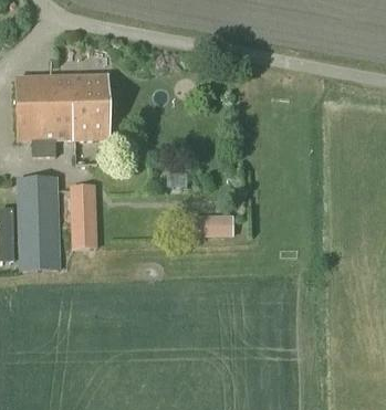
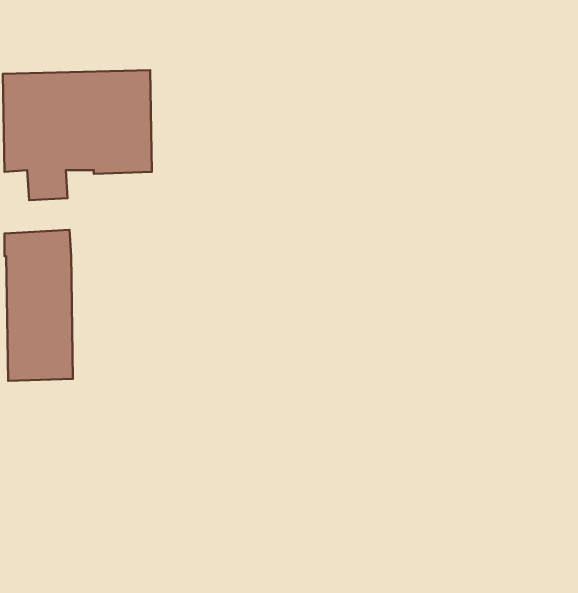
building: [70,185,97,250] -> none
building: [201,214,233,236] -> none

